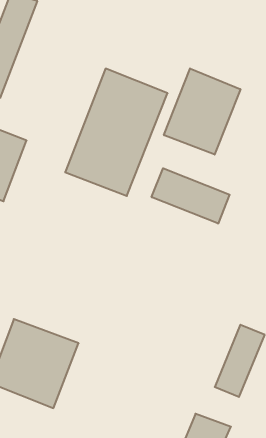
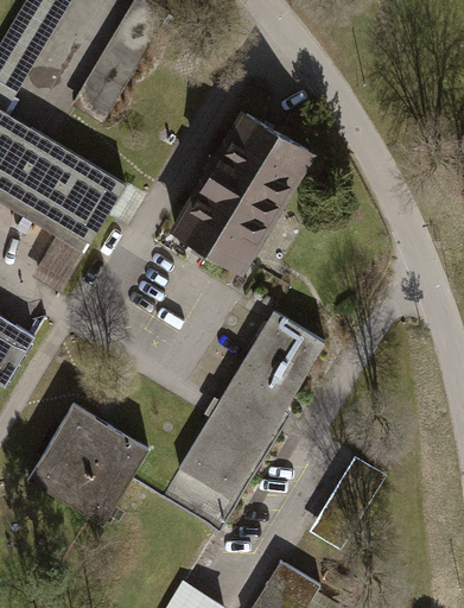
building: [164,68,240,155] -> none
building: [152,168,230,224] -> none
building: none -> [164,312,325,531]

